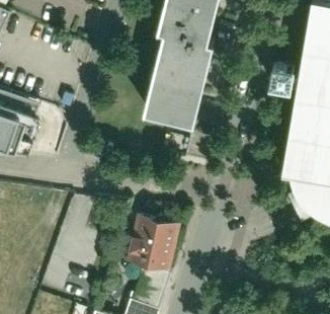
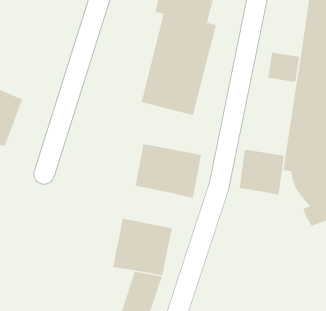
building: none -> [135,143,202,199]
building: none -> [239,149,285,196]

